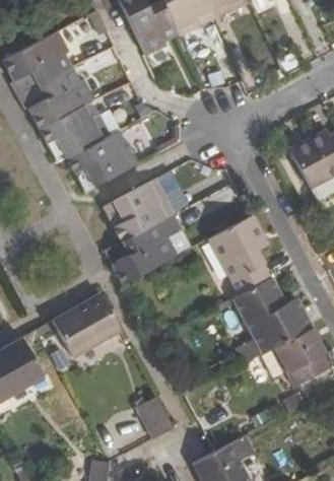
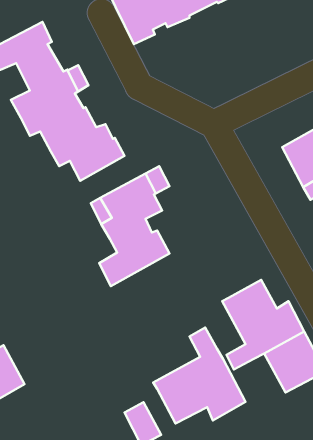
building: [207,214,270,295] -> none
building: [53,296,121,358] -> none
building: none -> [153,327,246,424]

